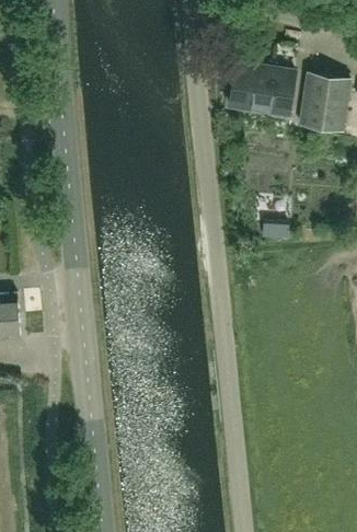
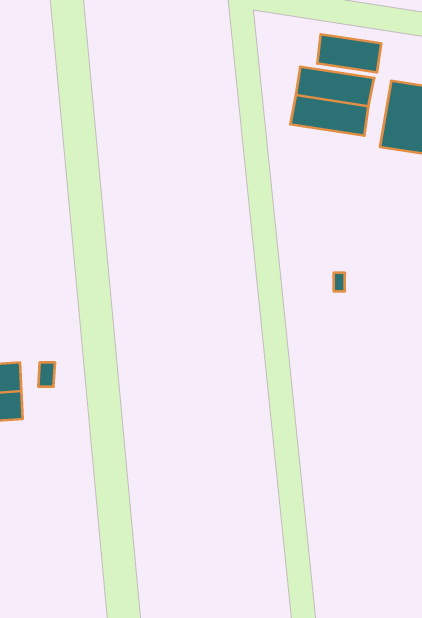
building: none -> [317,34,381,72]

